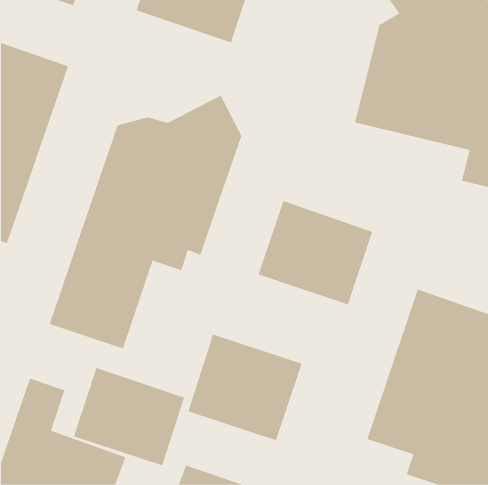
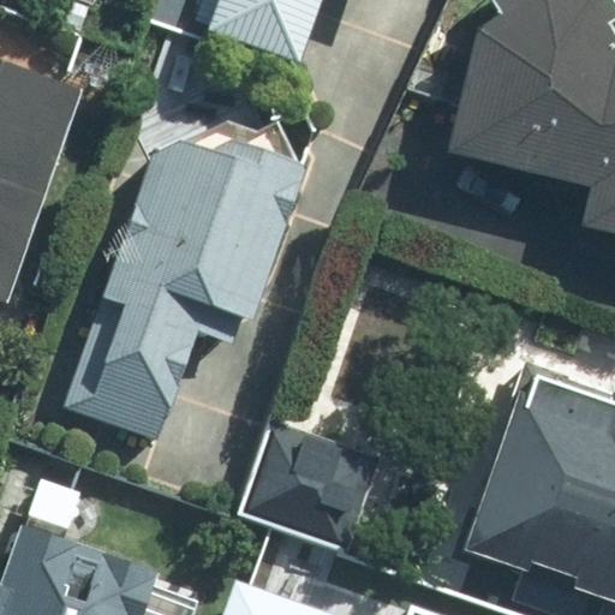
building: [258,200,373,305] -> none
building: [73,367,185,466] -> none

